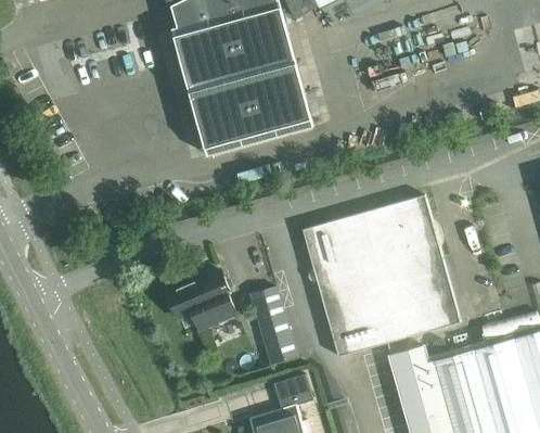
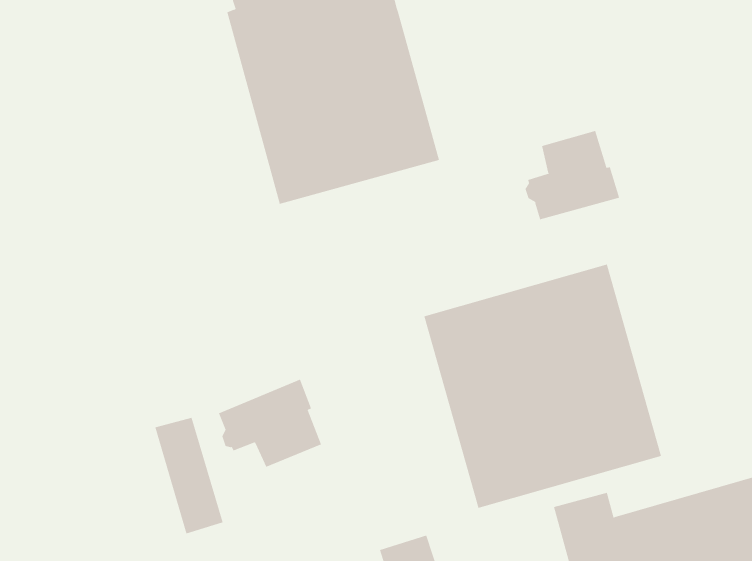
building: none -> [525,130,620,220]
building: [250,286,296,364] -> [154,417,223,534]

